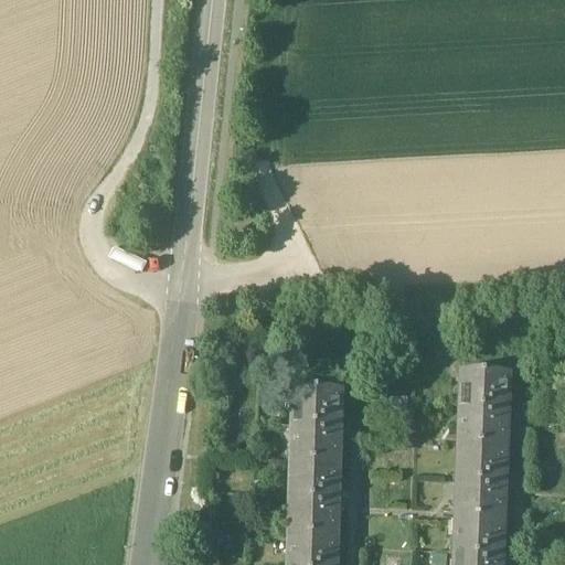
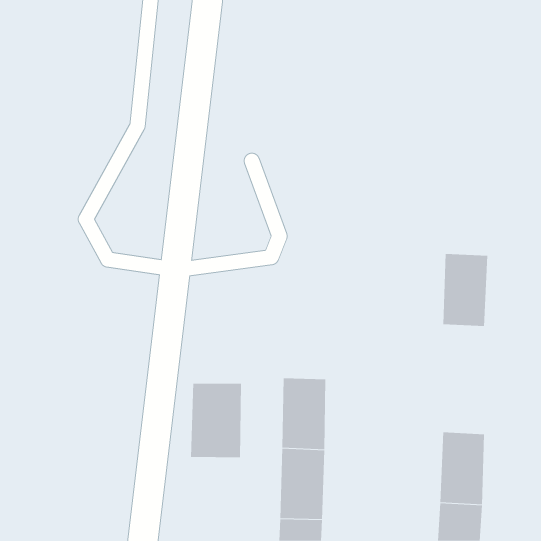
building: [461,376,509,452] -> [443,254,488,327]
building: none -> [191,383,242,458]

